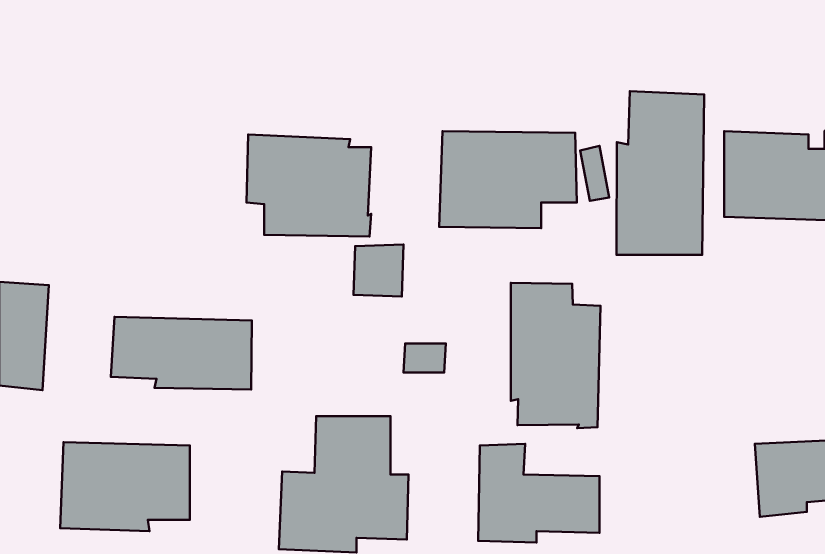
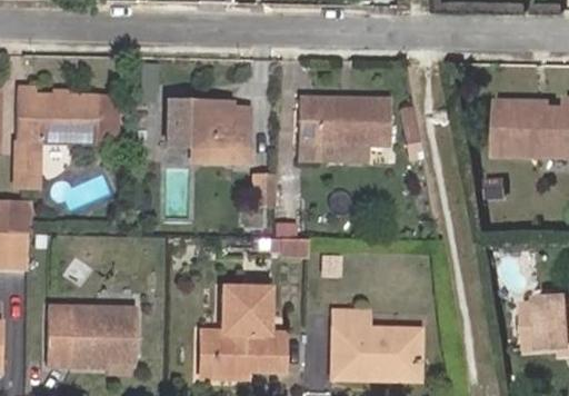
building: [616,91,704,255] -> none
building: none -> [10,86,126,188]
building: [511,283,600,428] -> none
building: [111,317,252,390] -> none

